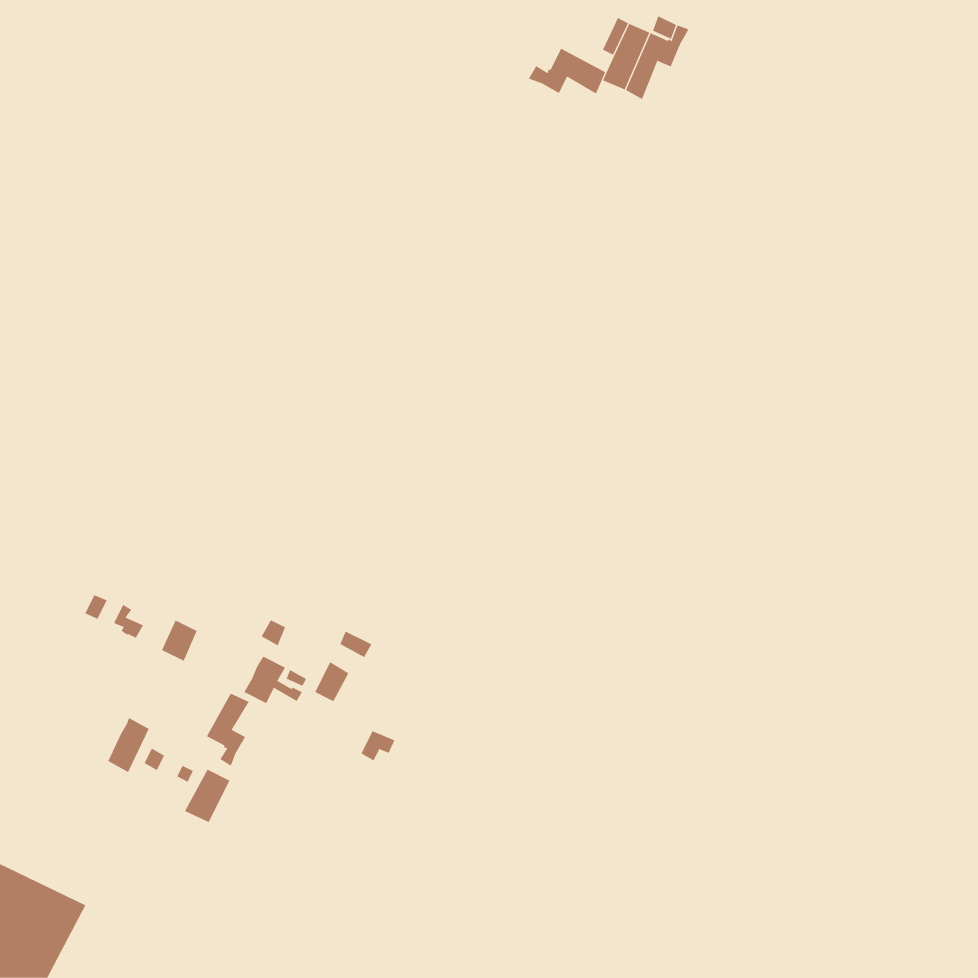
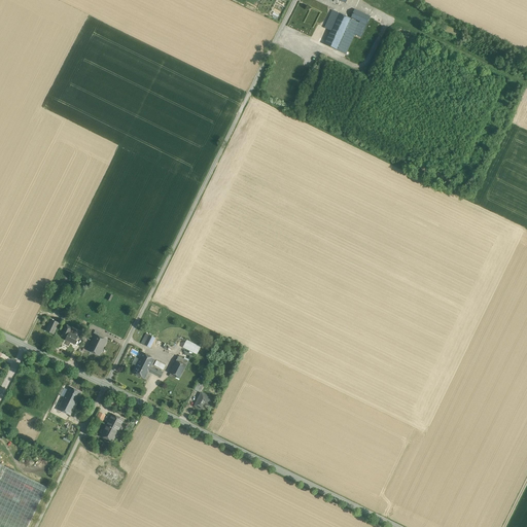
building: [529,48,606,95] -> none
building: [206,693,249,766] -> none

